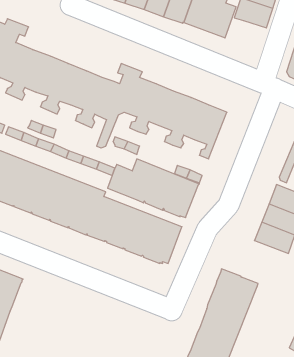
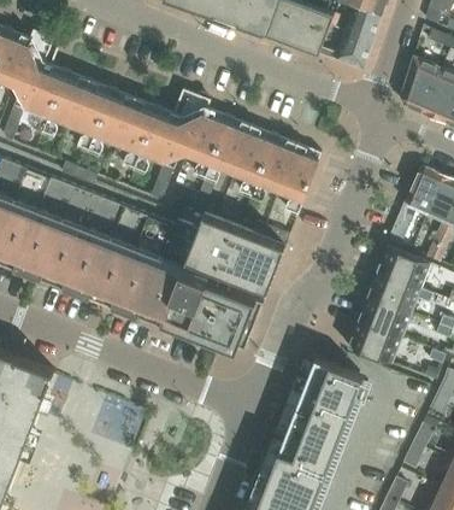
building: none -> [332,31,372,70]
building: none -> [347,321,401,364]

